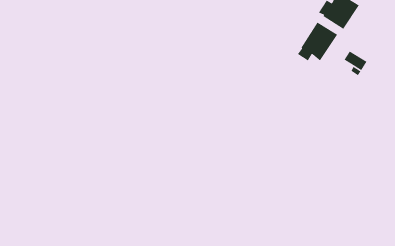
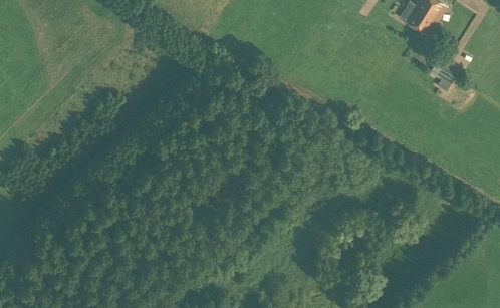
building: [297,22,338,62] -> none

